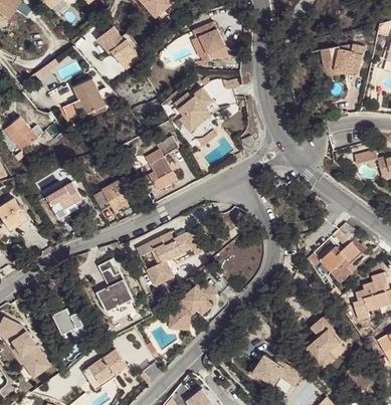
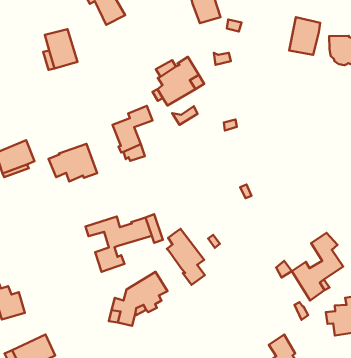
building: none -> [289,17,320,55]
building: none -> [167,229,205,285]
building: [95,257,134,313] -> none

